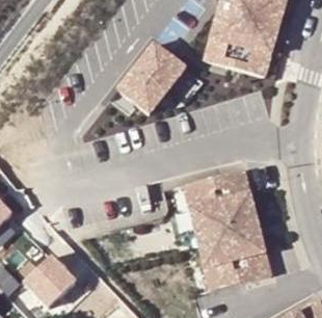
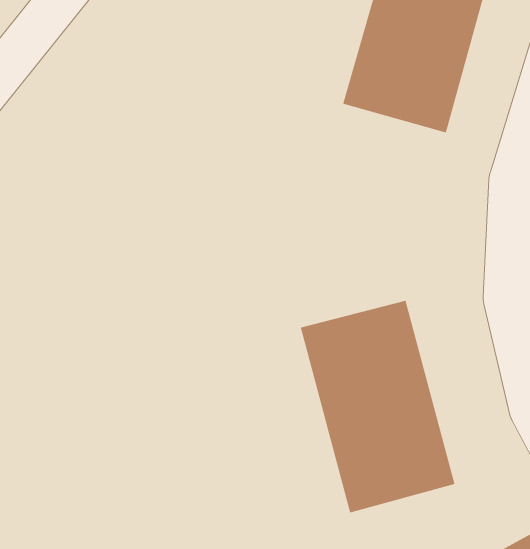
building: [116,36,187,110] -> none
building: [25,258,76,309] -> none

